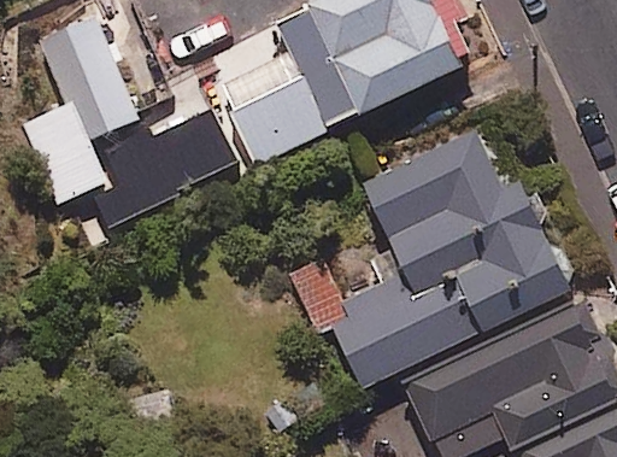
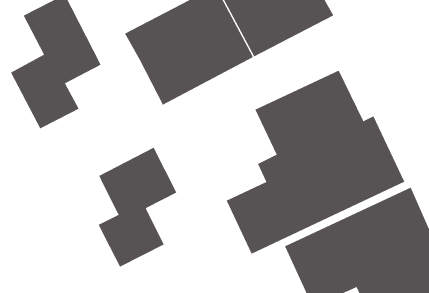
building: [84,112,233,241] -> none
building: none -> [98,147,177,267]

